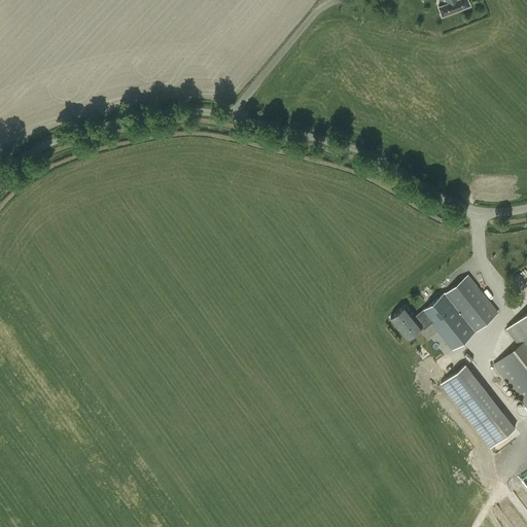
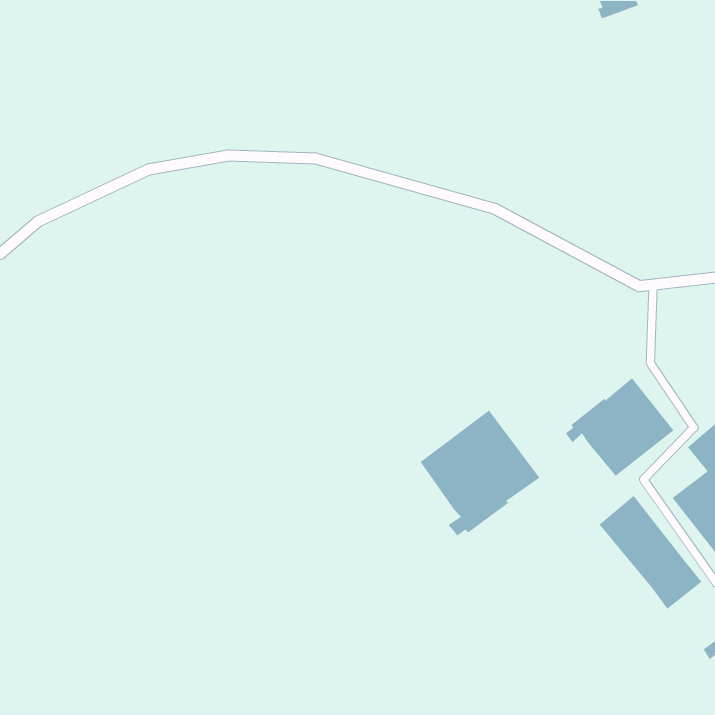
building: none -> [420,410,540,537]
building: [394,309,431,339] -> none

